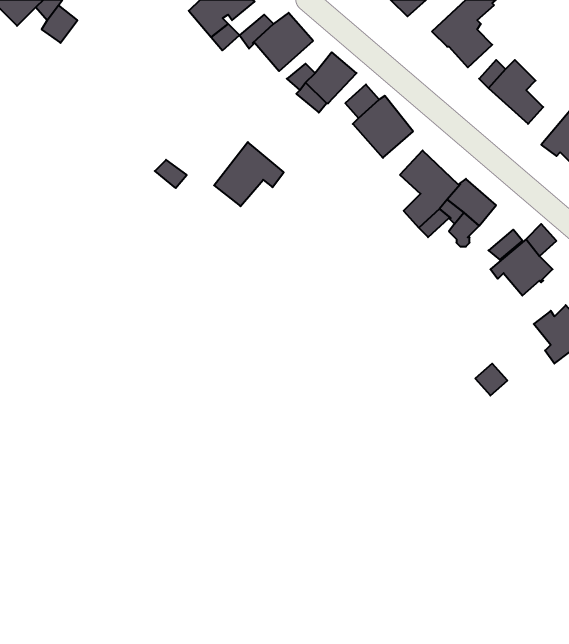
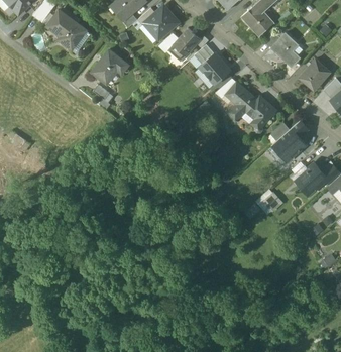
building: none -> [47,12,86,49]
building: [214,142,284,206] -> [91,50,128,85]

